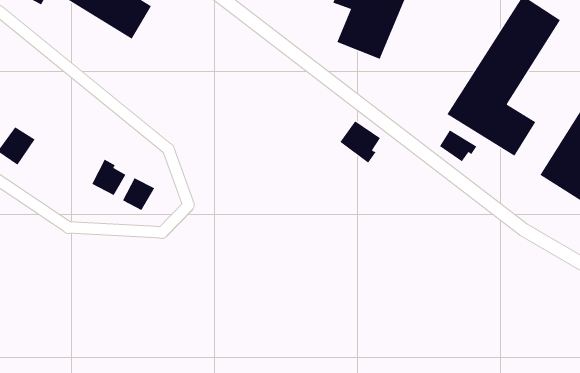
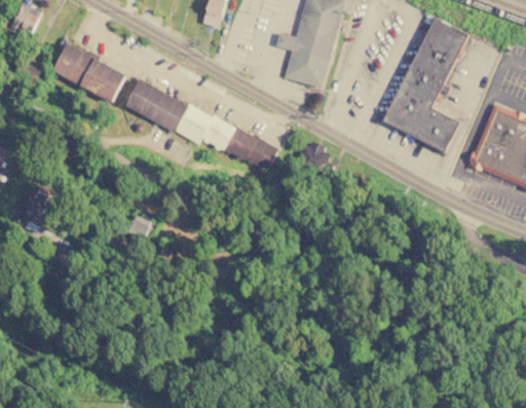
building: none -> [124,79,278,172]
building: [439,129,477,162] -> none
building: [92,159,126,196] -> none

